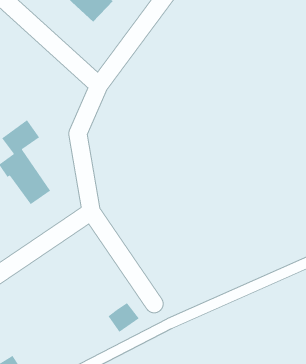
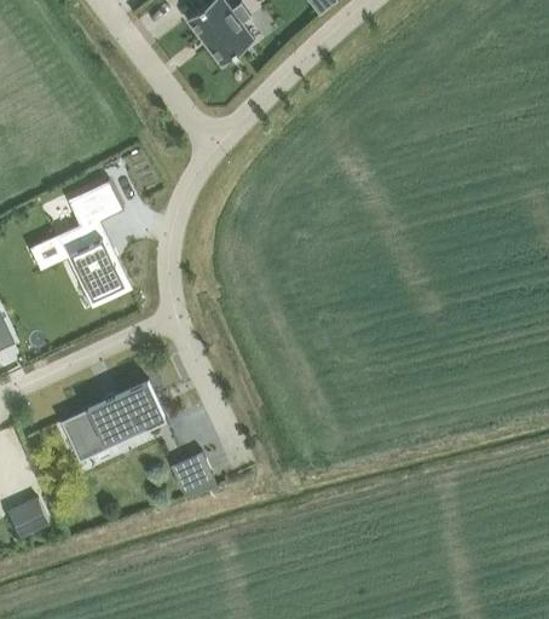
building: none -> [62,381,168,451]

